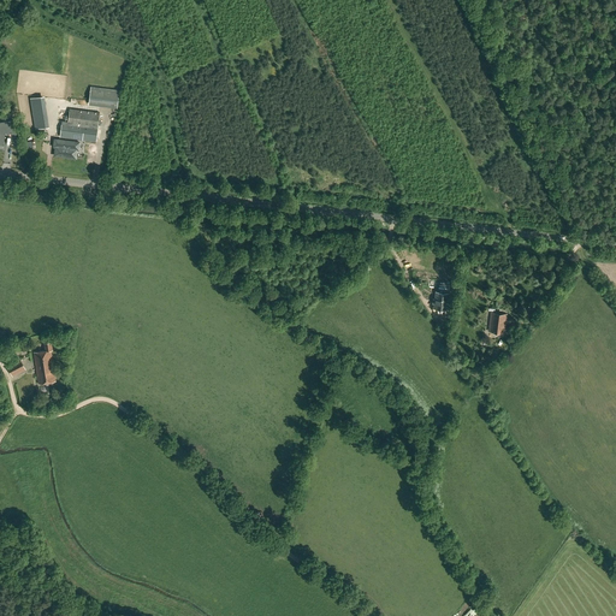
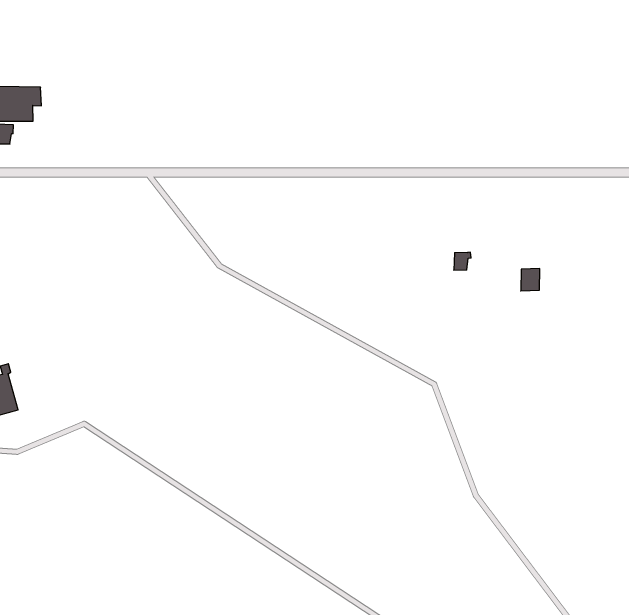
building: [88,85,118,107] -> none

